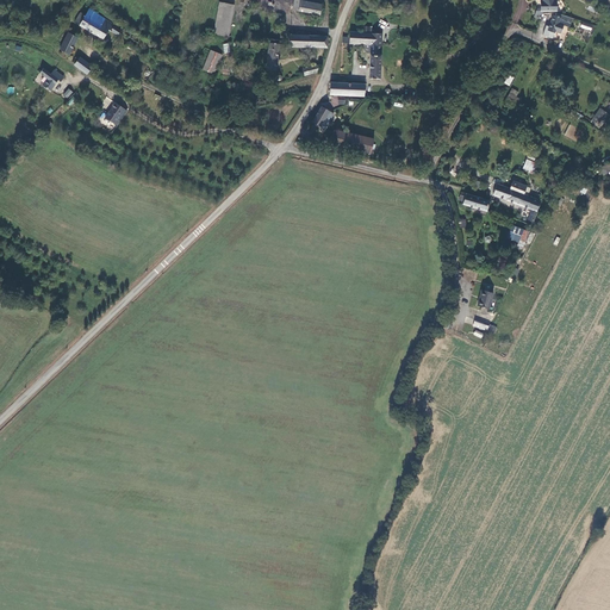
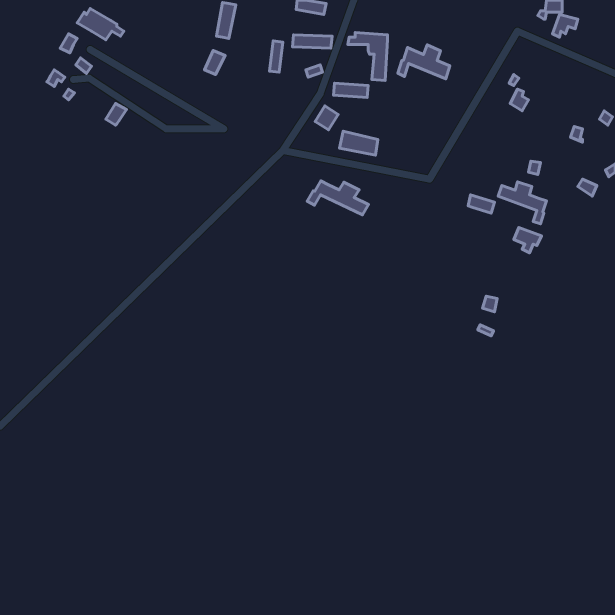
building: none -> [398,45,450,79]
building: none -> [307,181,368,215]

